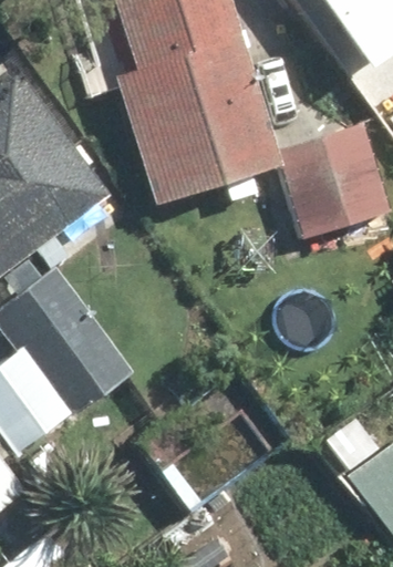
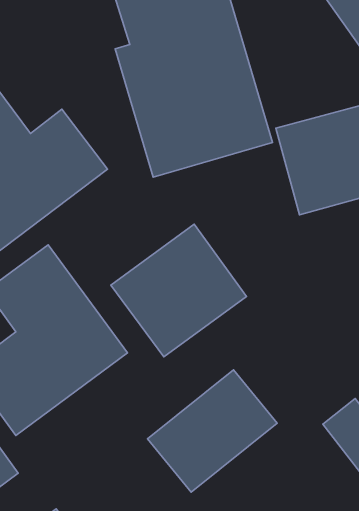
building: none -> [111,224,246,357]

